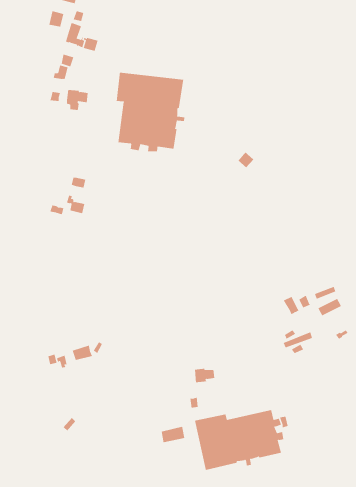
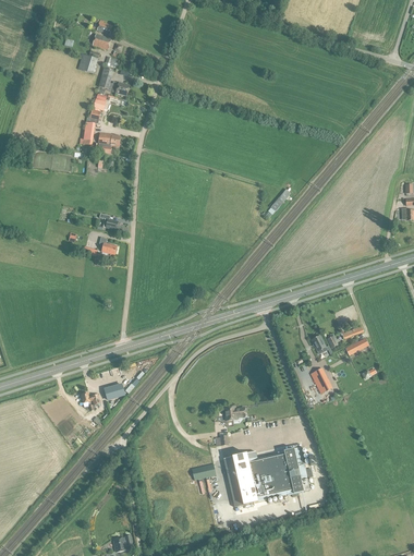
building: [116,72,185,152] -> none

